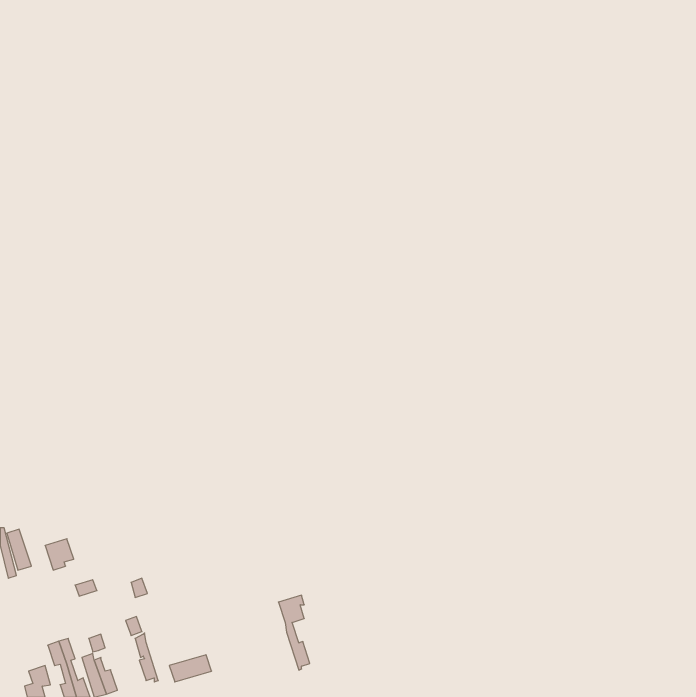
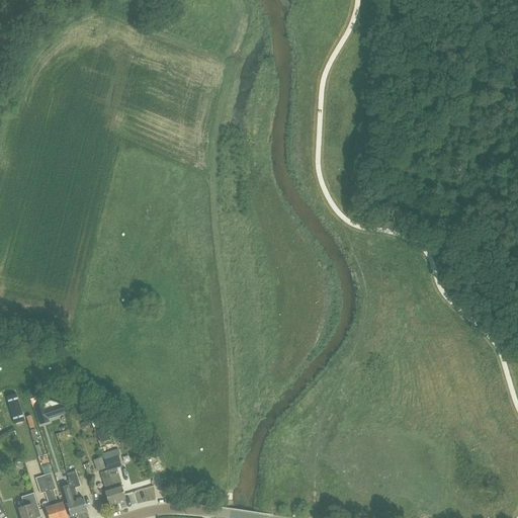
building: [278,595,310,670] -> [103,449,126,505]

